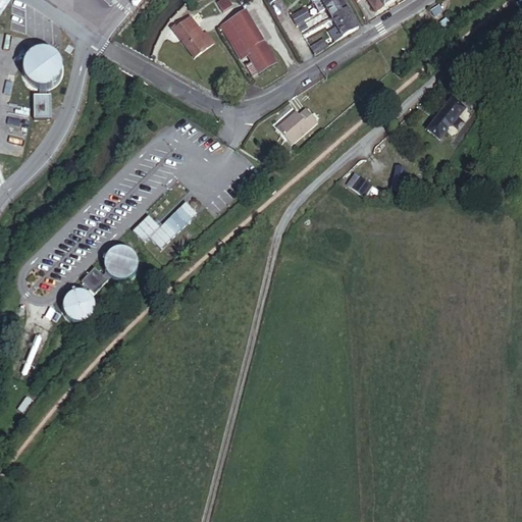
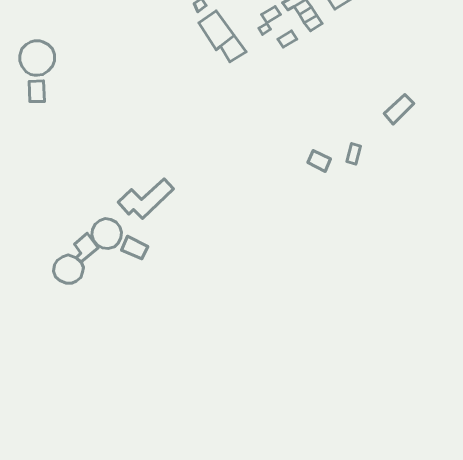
building: [175,21,208,57] -> none
building: [276,104,317,139] -> none
building: none -> [121,236,148,259]

